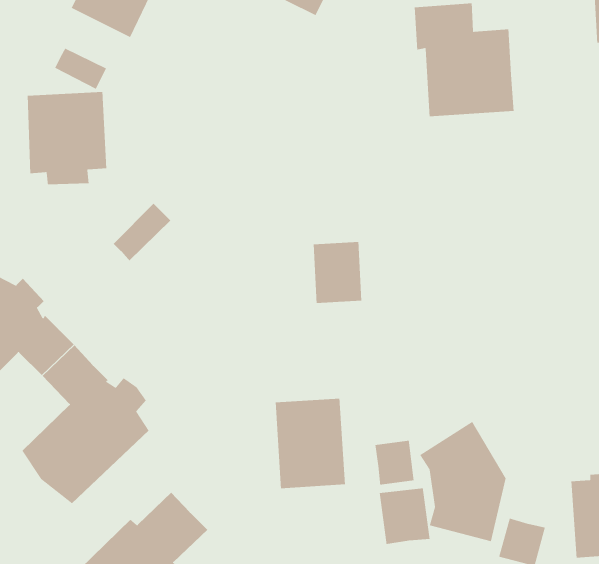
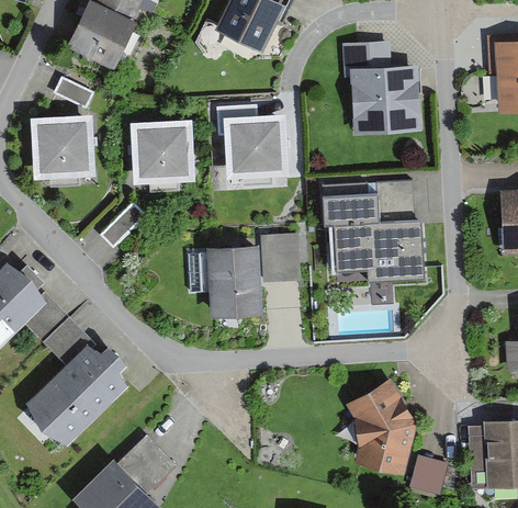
building: none -> [215,105,288,187]
building: none -> [130,118,194,193]
building: none -> [320,181,423,283]
building: [275,398,346,489] -> [205,244,262,317]
building: [375,440,414,486] -> none
building: [379,487,431,545] -> none

